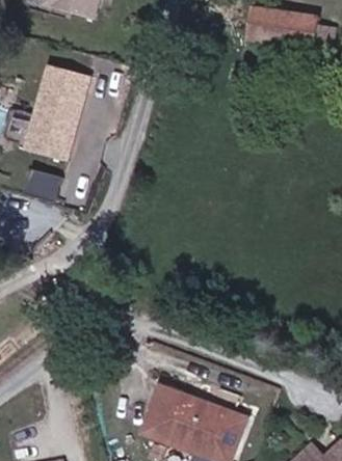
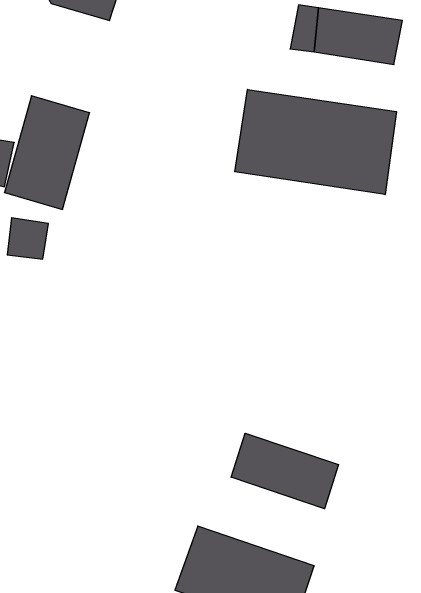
building: none -> [235,89,396,195]
building: none -> [231,433,339,509]

